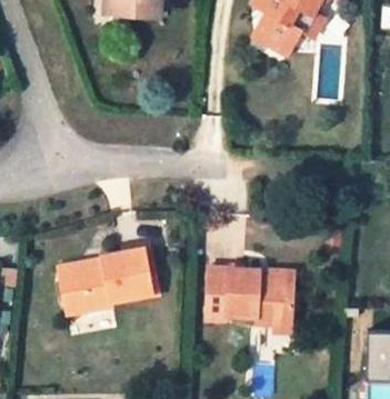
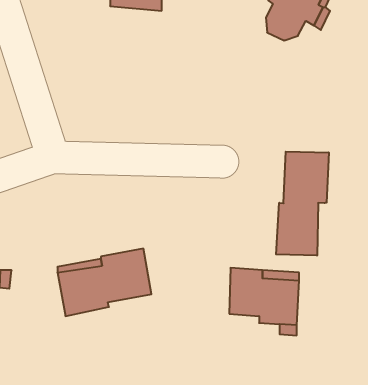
building: none -> [276,152,329,256]
building: [204,267,228,312] -> none

